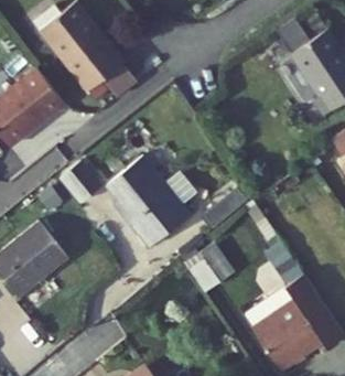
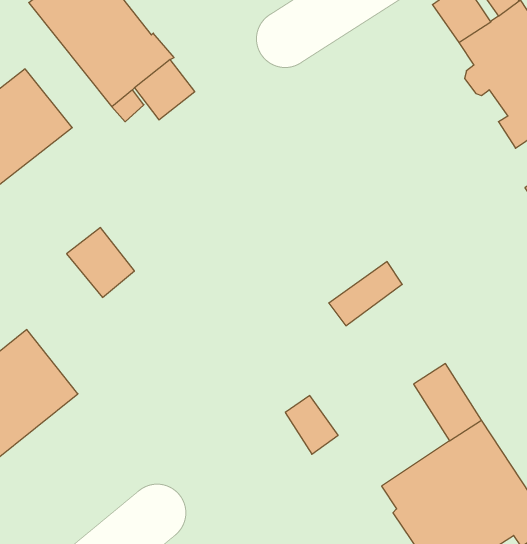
building: [106,157,190,248] -> none

